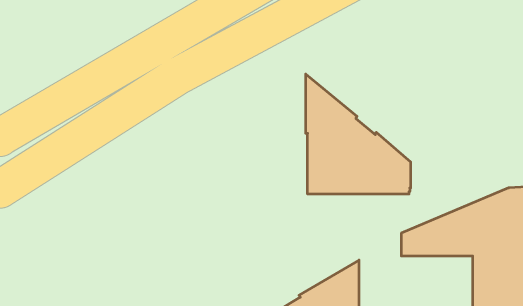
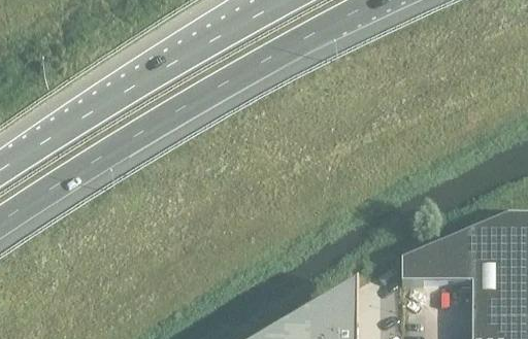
building: [306,74,411,194] -> none

